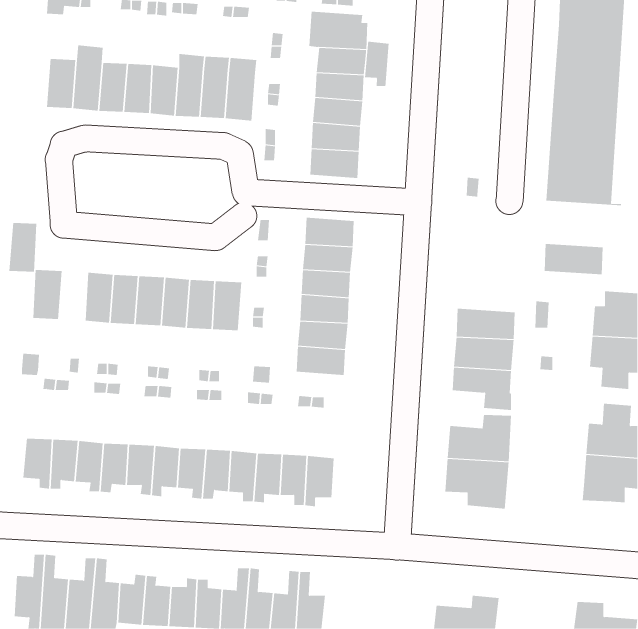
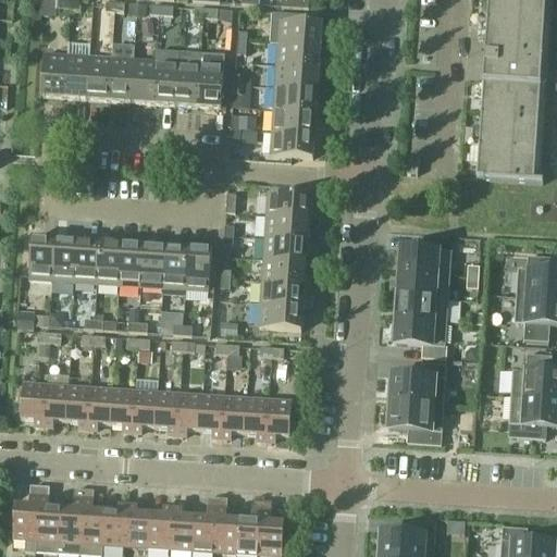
building: [365,41,389,87] -> none
building: [9,222,37,272] -> [51,236,76,280]
building: [544,244,604,275] -> [398,245,450,272]

